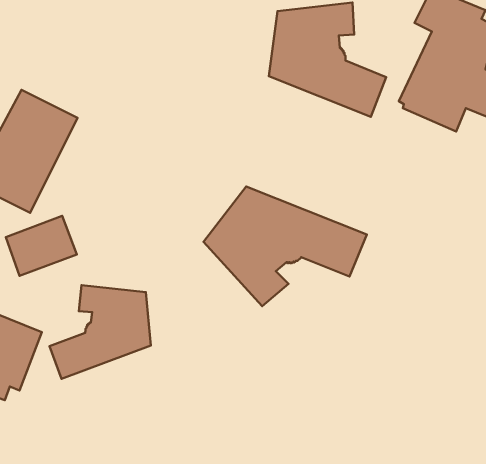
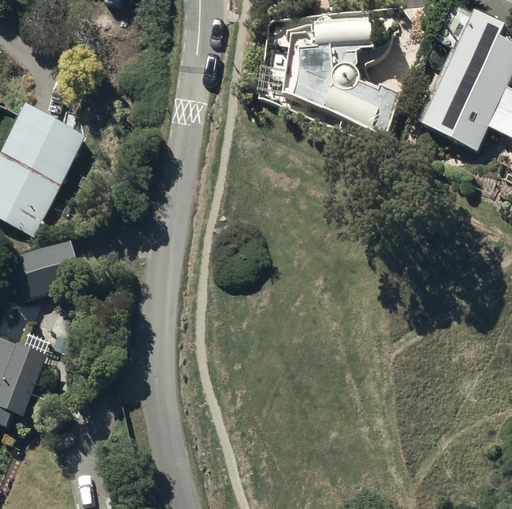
building: [203,186,367,306] -> none
building: [50,285,151,379] -> none

